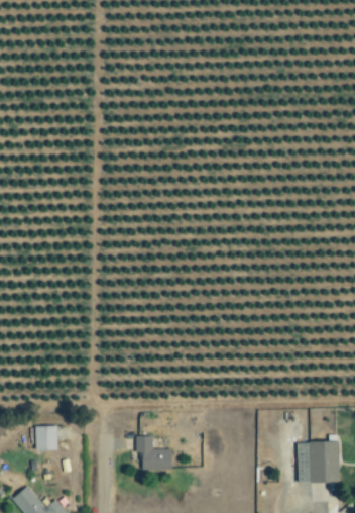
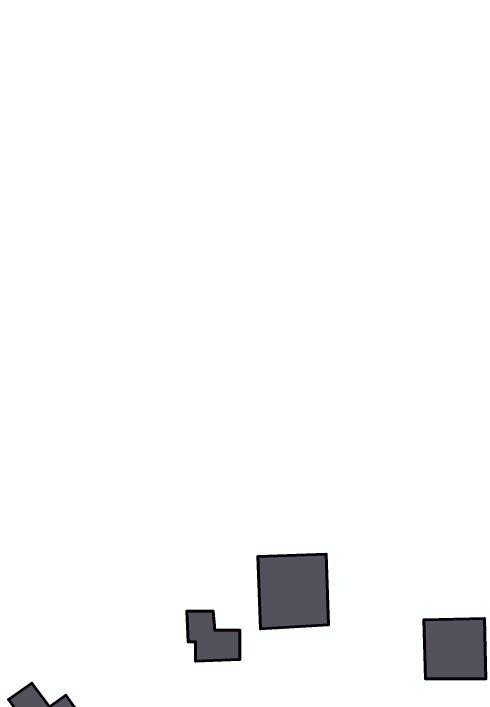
building: none -> [258,554,329,629]
building: [36,425,58,450] -> none

